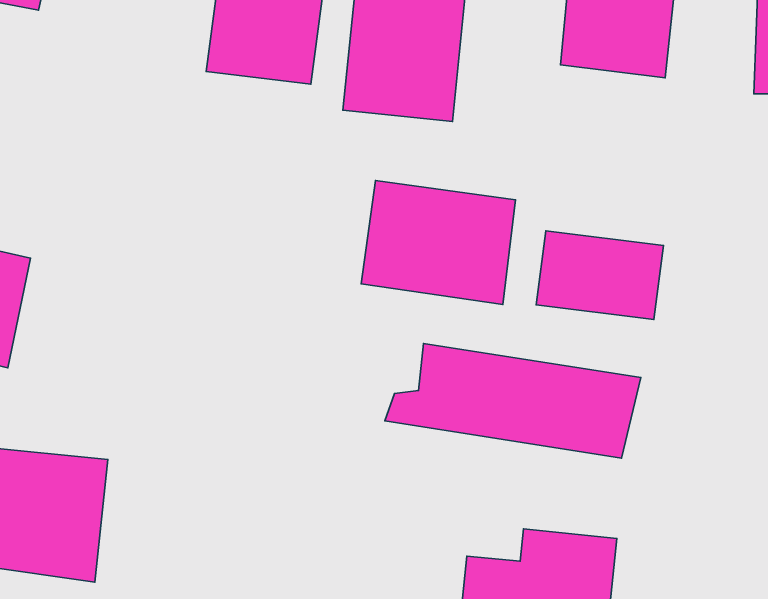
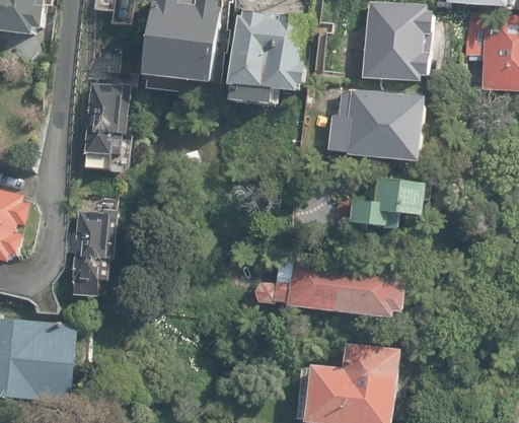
building: none -> [83,81,128,166]
building: [361,181,516,305] -> [328,85,426,163]
building: none -> [69,197,115,296]

